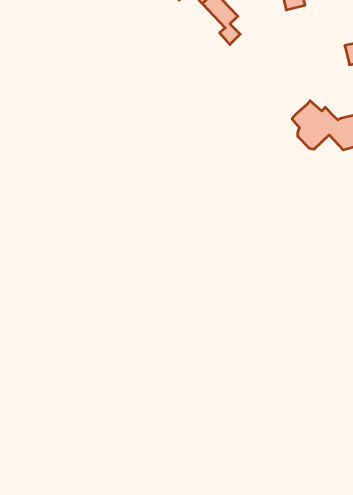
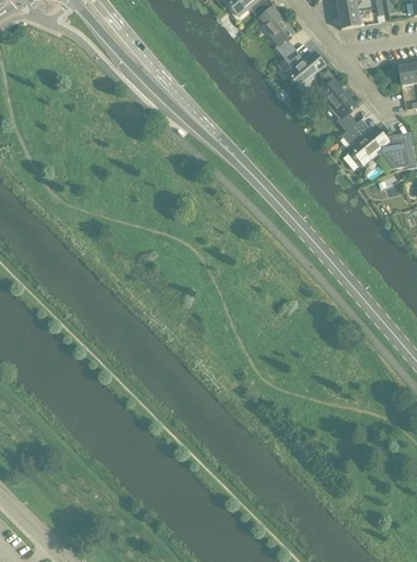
building: none -> [278,48,324,85]
building: none -> [322,77,357,130]

